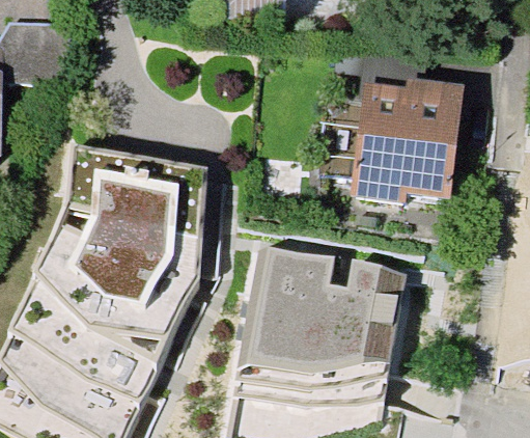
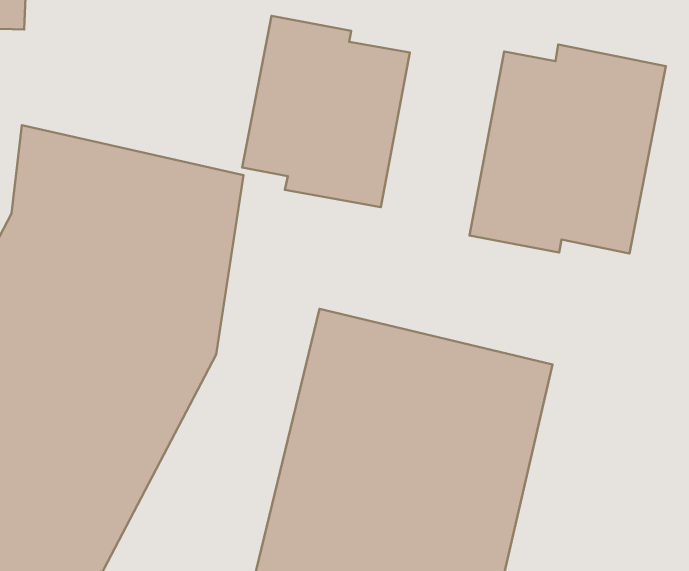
building: none -> [242,16,410,207]

